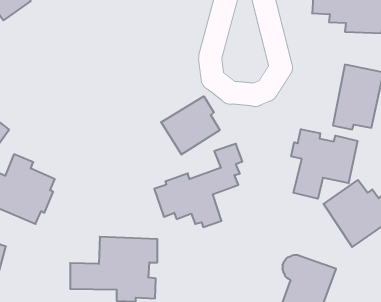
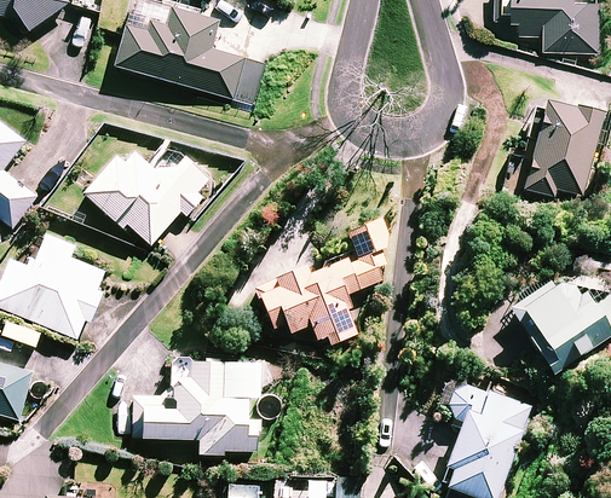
building: none -> [115,7,244,100]
building: [161,96,220,155] -> none
building: none -> [83,149,209,245]
building: [291,129,358,199] -> none

